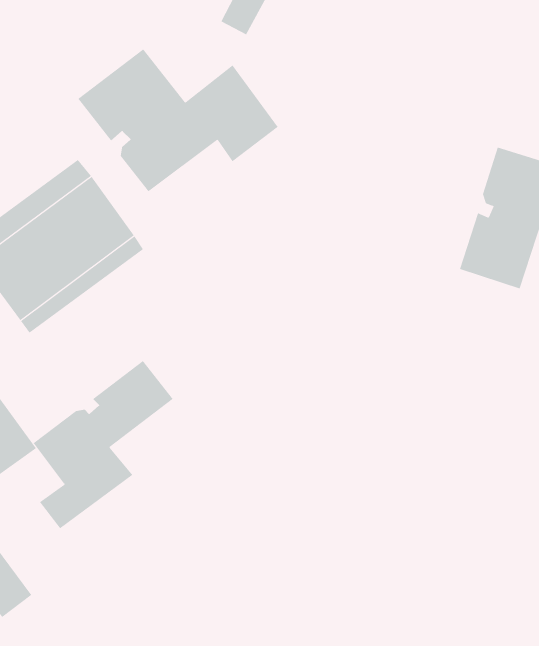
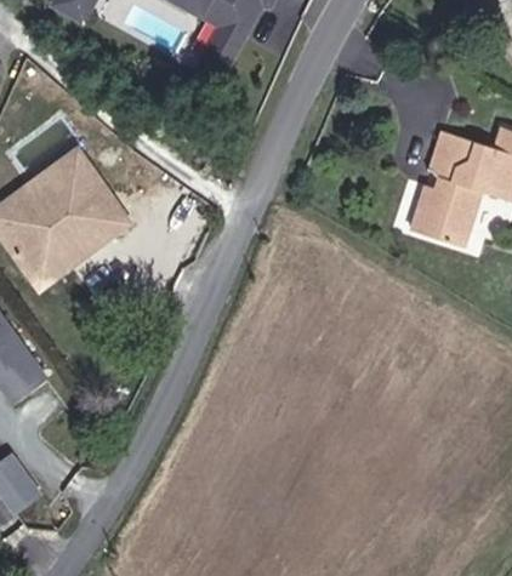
building: [77,48,278,192] -> none
building: [33,360,173,529] -> none

